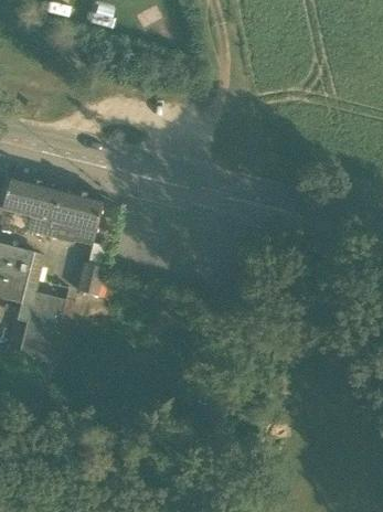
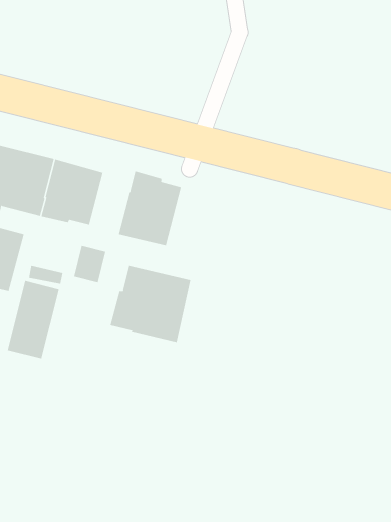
building: none -> [118,170,182,246]
building: none -> [109,265,191,343]

